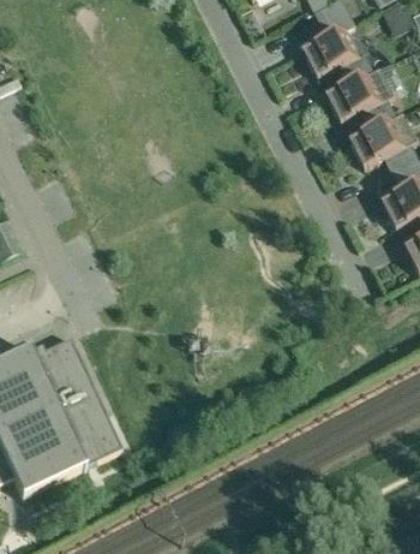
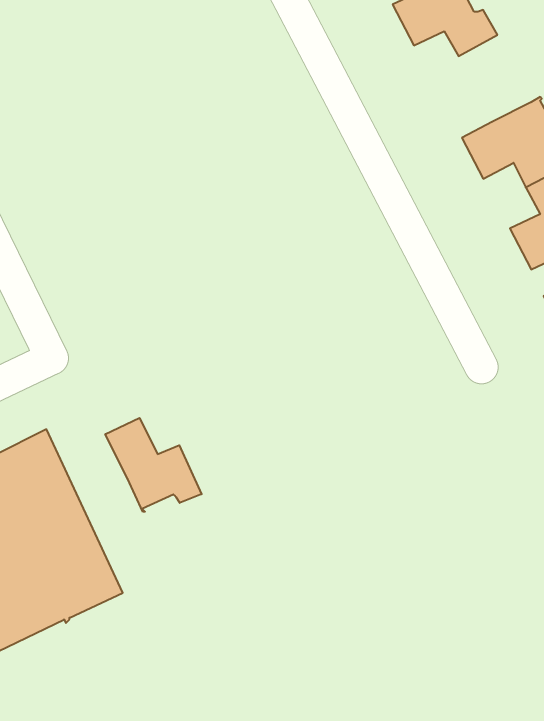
building: [326,68,396,130] -> none
building: none -> [105,418,202,512]

